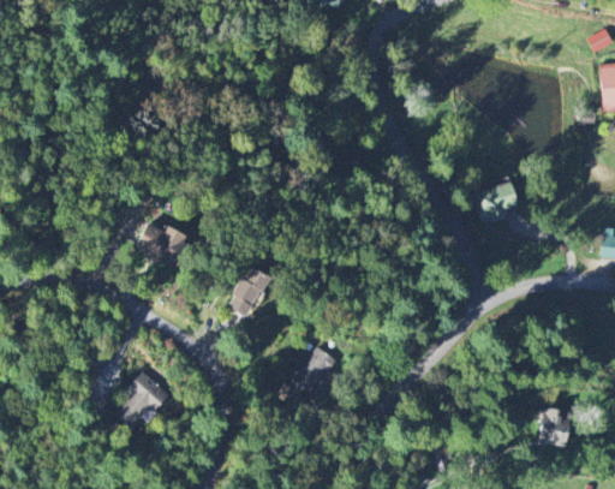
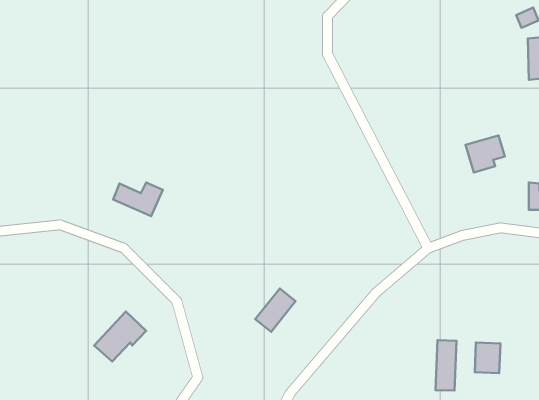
building: [474,181,519,223] -> [465,135,505,172]
building: [226,269,269,318] -> none
building: none -> [436,340,456,391]

